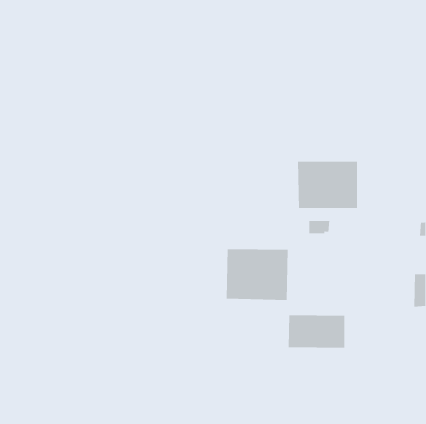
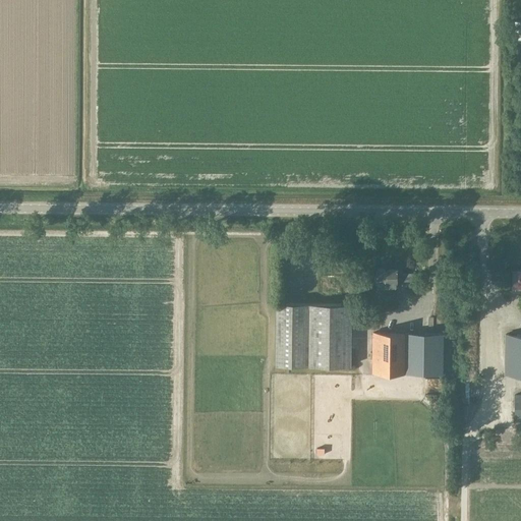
building: [298,161,358,209] -> none
building: [288,315,345,348] -> [372,336,443,377]

